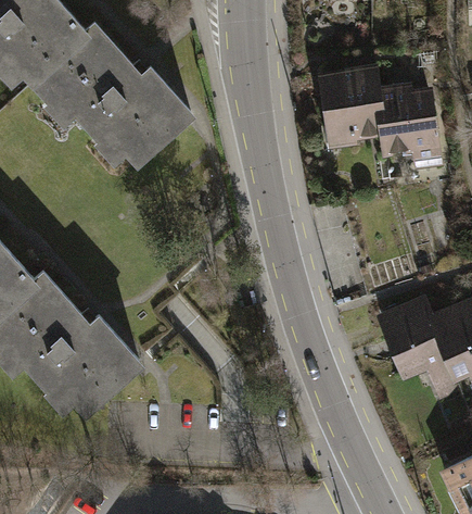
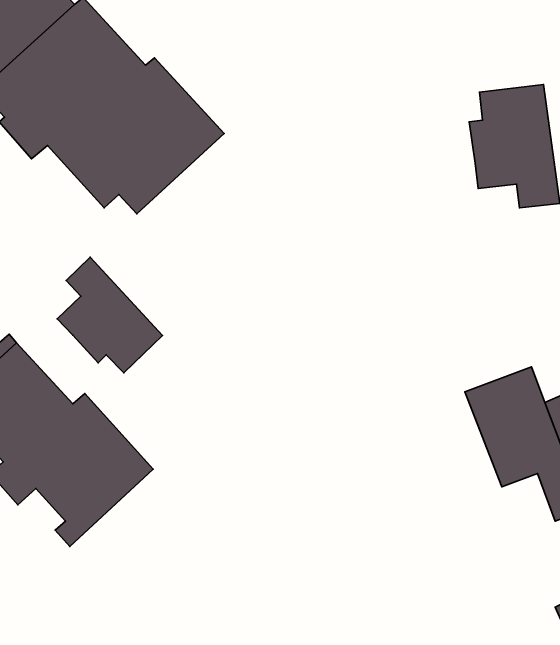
building: [316,64,386,147] -> none
building: none -> [57,257,163,373]

